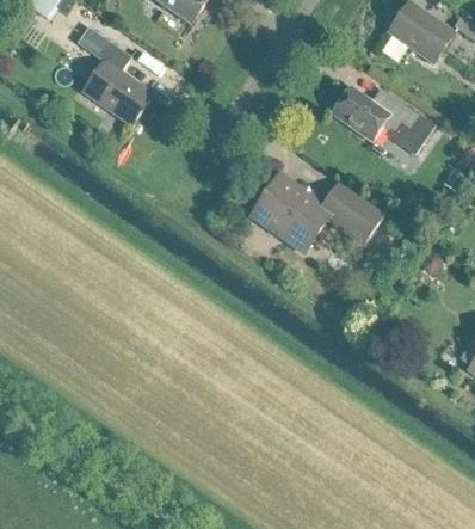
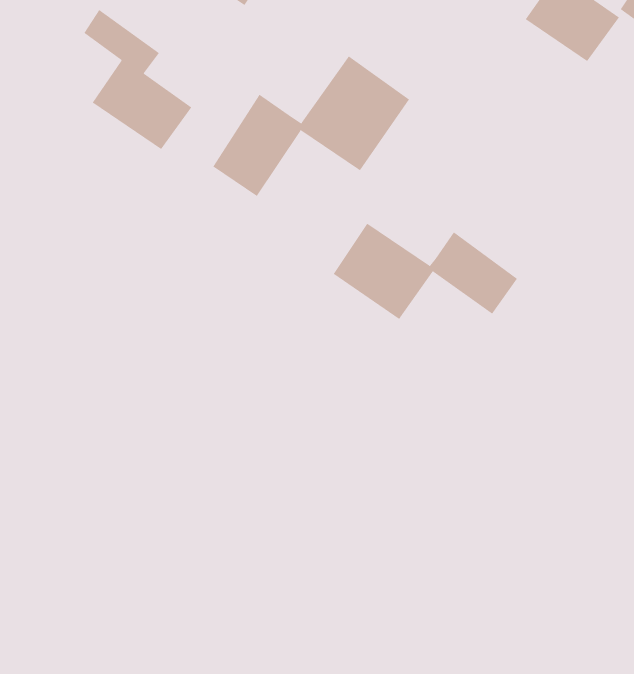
building: none -> [212,56,410,197]
building: [332,86,433,154] -> none

